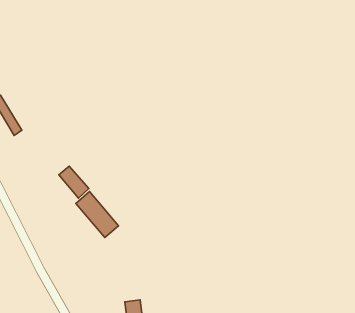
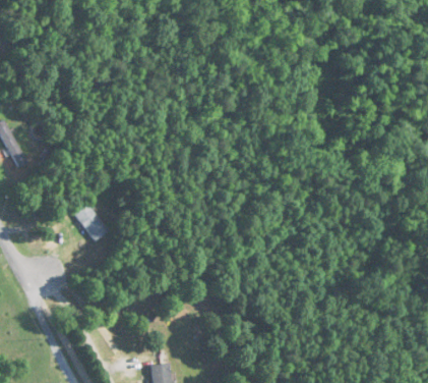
building: [76,192,119,238] -> none

